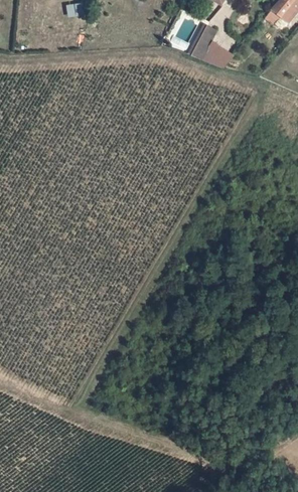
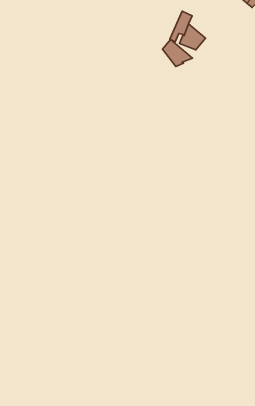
building: none -> [163,39,193,66]

